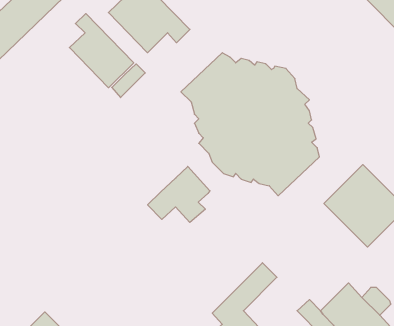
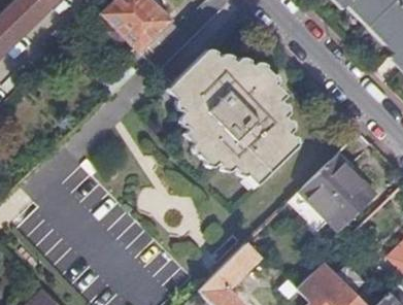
building: [69,14,134,88] -> none
building: [148,166,210,222] -> none

